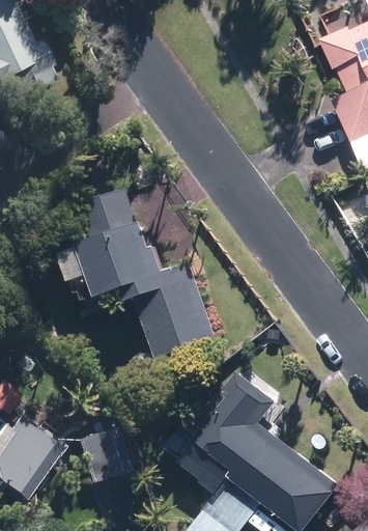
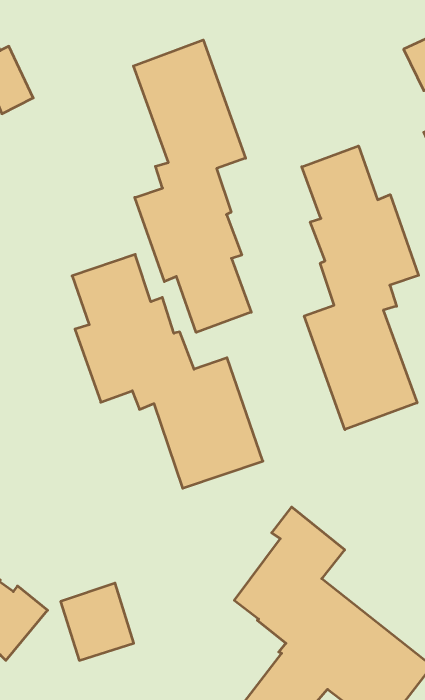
building: none -> [133,40,251,332]
building: none -> [302,146,419,430]

